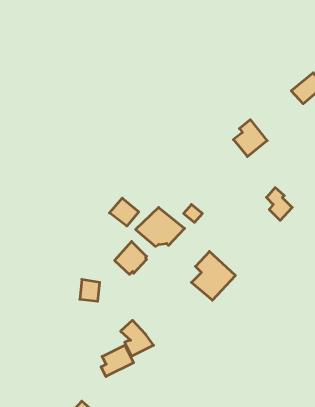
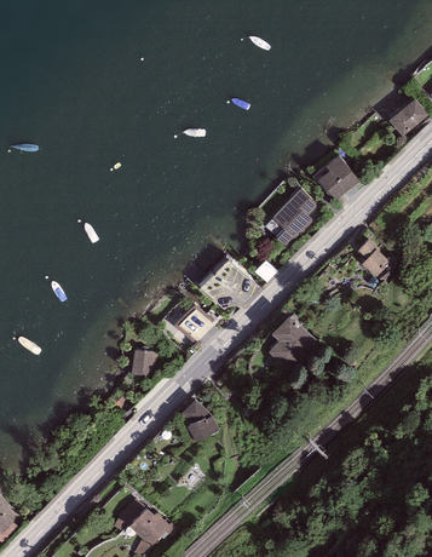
building: none -> [264,188,319,249]
building: [109,198,139,226] -> none
building: [101,345,134,377] -> none

